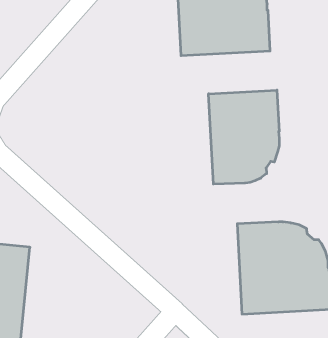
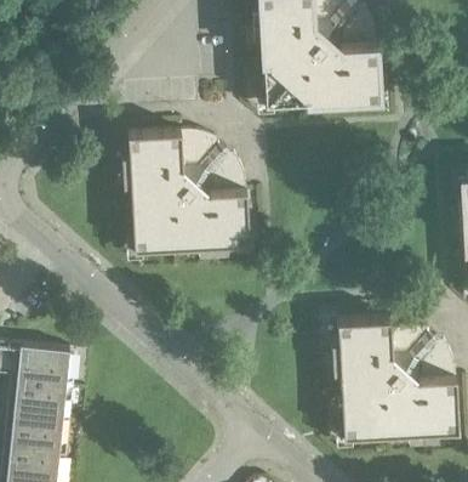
building: none -> [127,134,249,253]
building: [209,90,279,184] -> none

